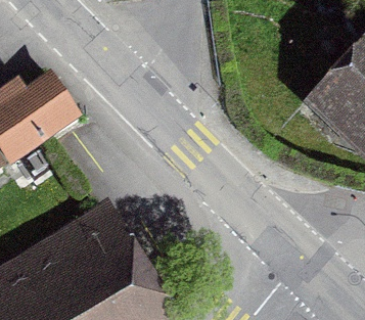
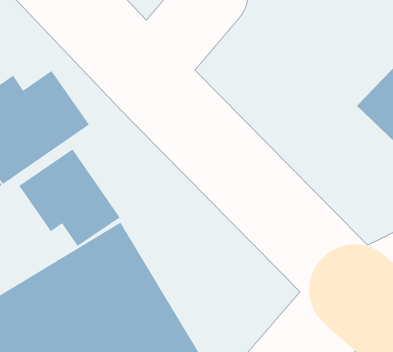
building: none -> [19,149,120,247]

